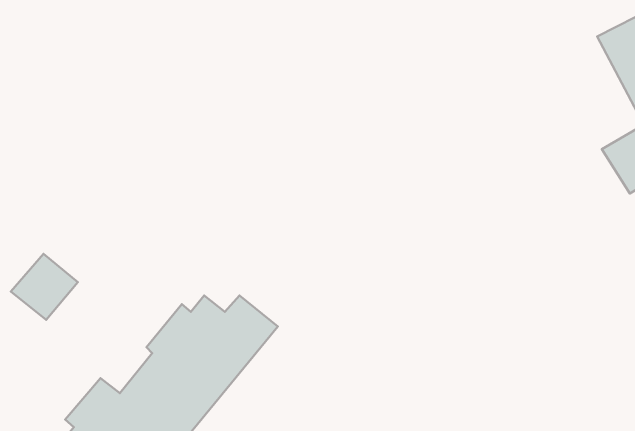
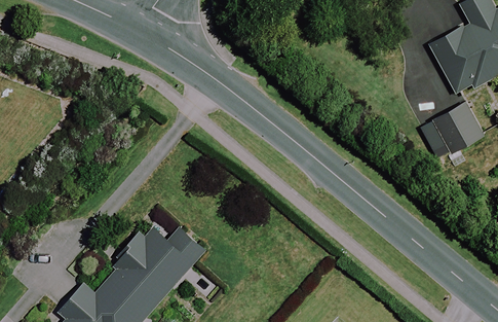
building: [11,254,78,320] -> none

